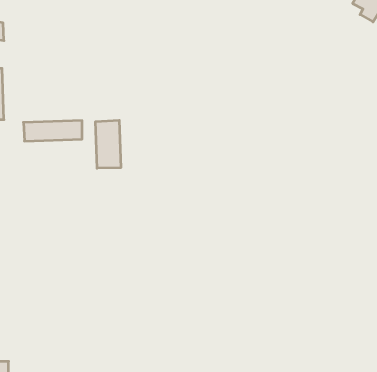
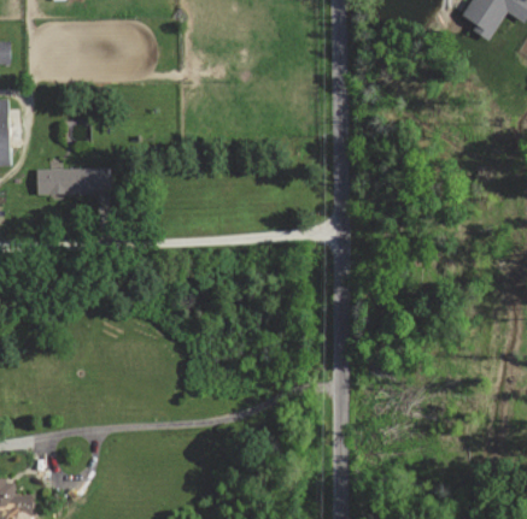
building: [96,120,121,168] -> none

